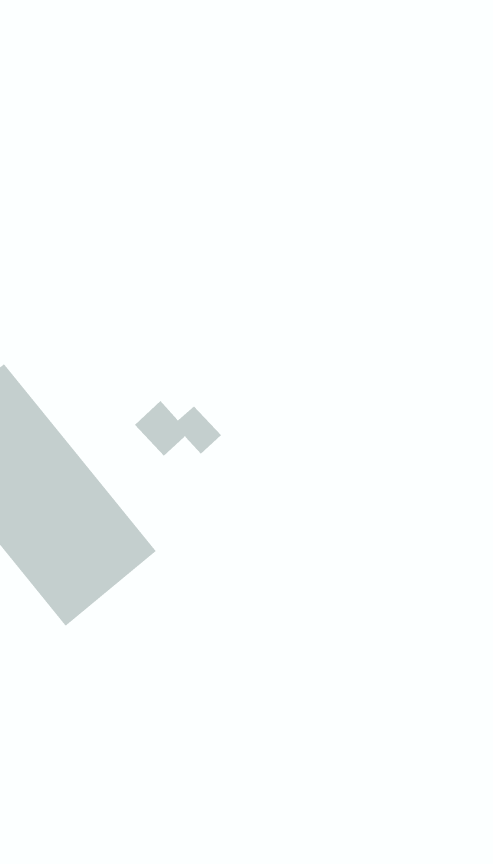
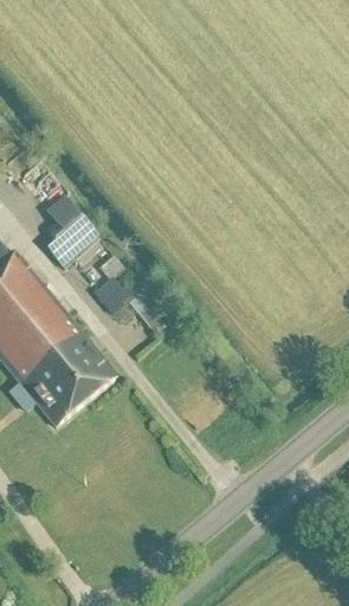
building: none -> [44,196,98,270]

